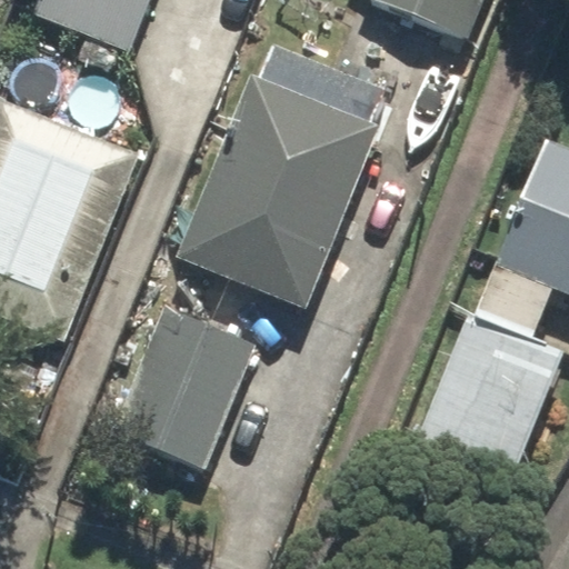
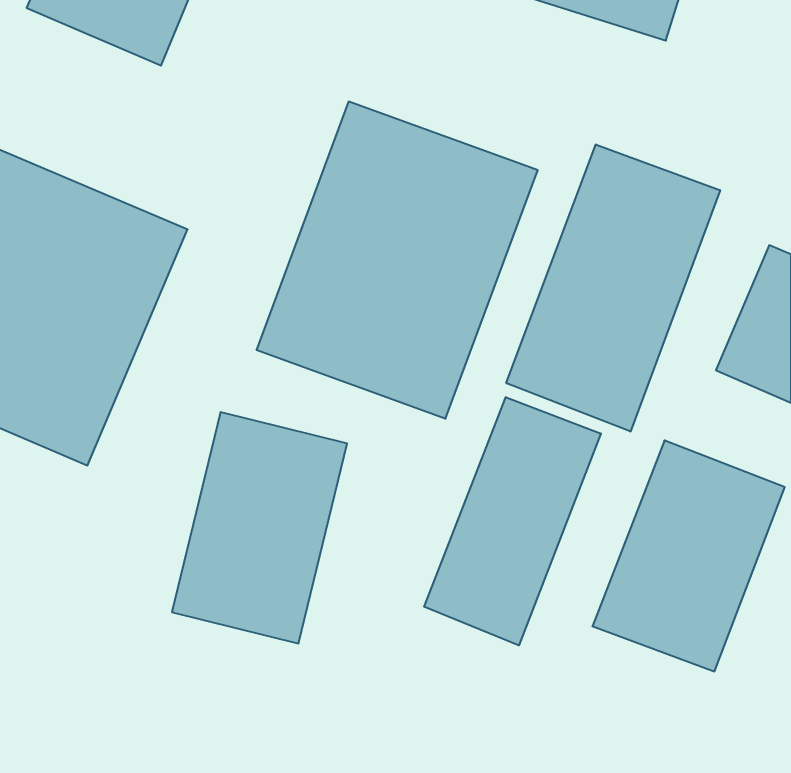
building: none -> [506,144,720,432]
building: none -> [424,397,601,645]

